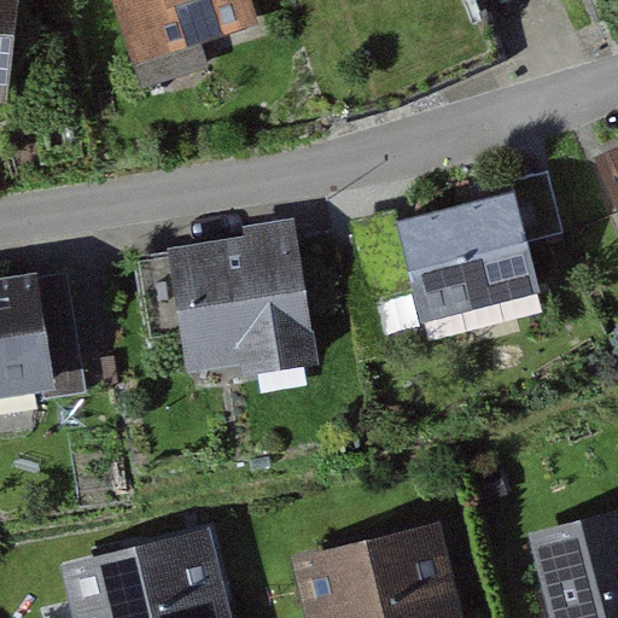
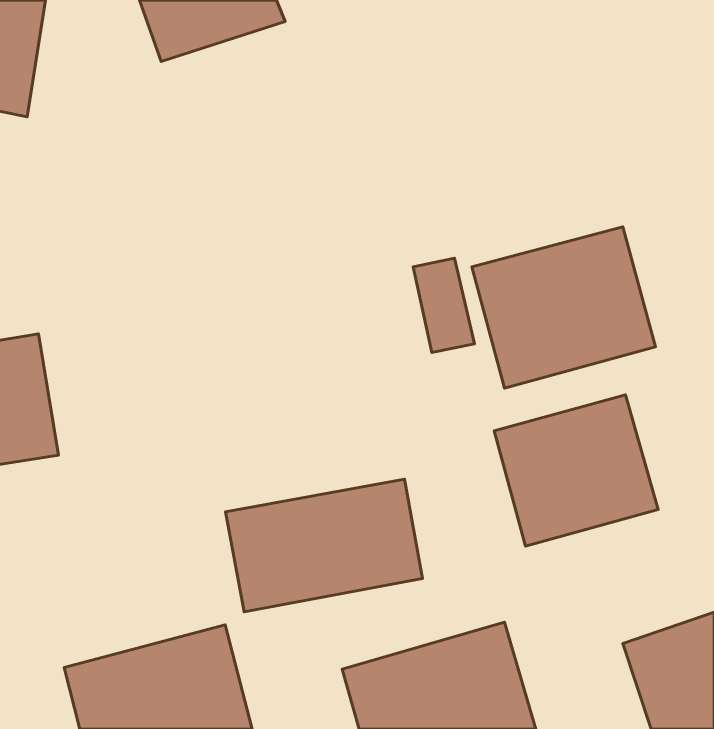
building: [171,227,321,379] -> none
building: none -> [494,395,658,546]
building: none -> [226,479,422,612]

